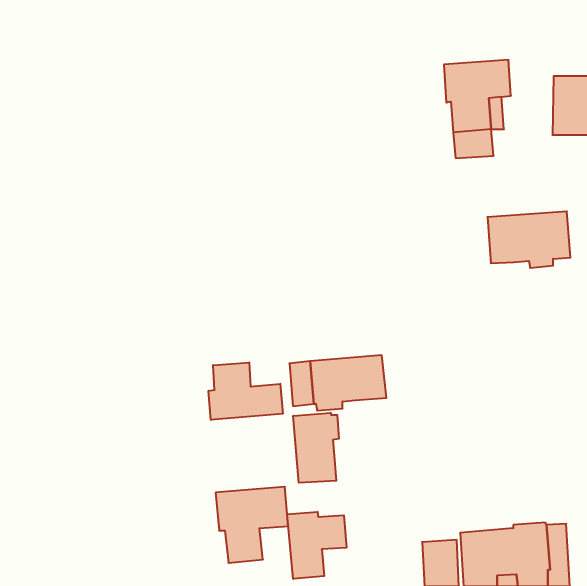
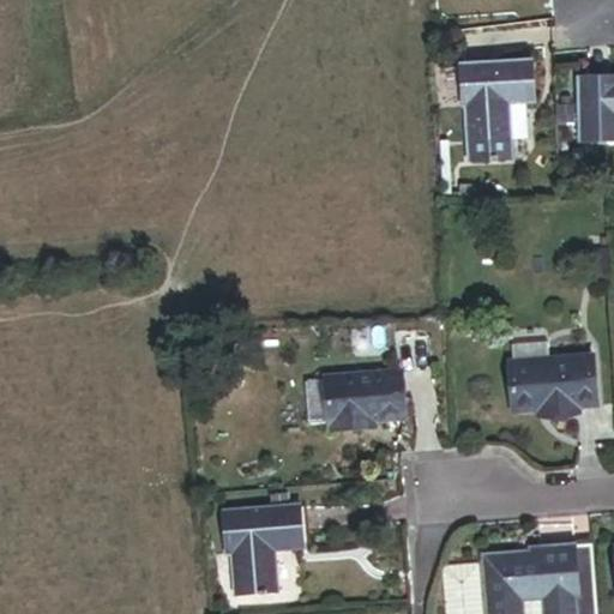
building: [487,211,570,268] -> [508,353,595,411]
building: [209,362,283,420] -> none
building: [293,413,339,483] -> none
building: [287,512,346,579] -> none

